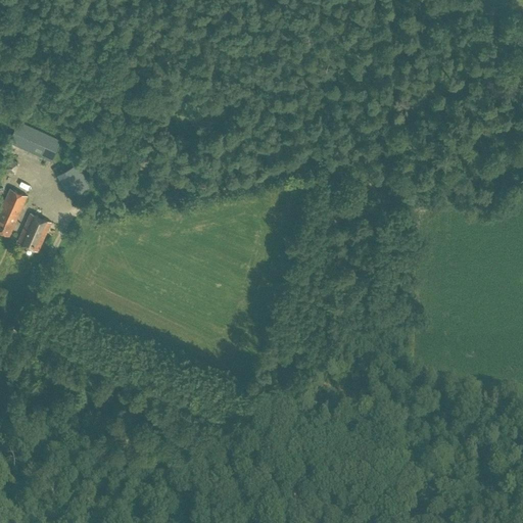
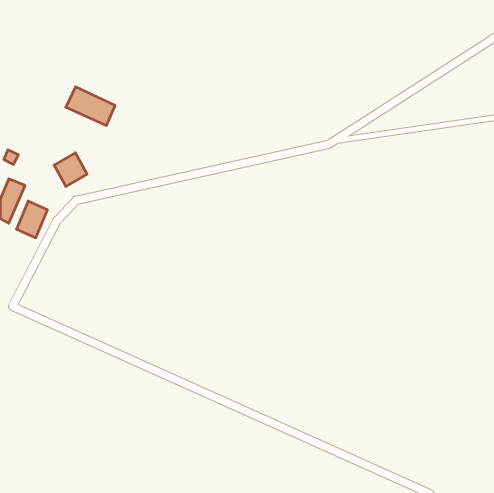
building: [8,122,60,162] -> [66,87,115,126]

